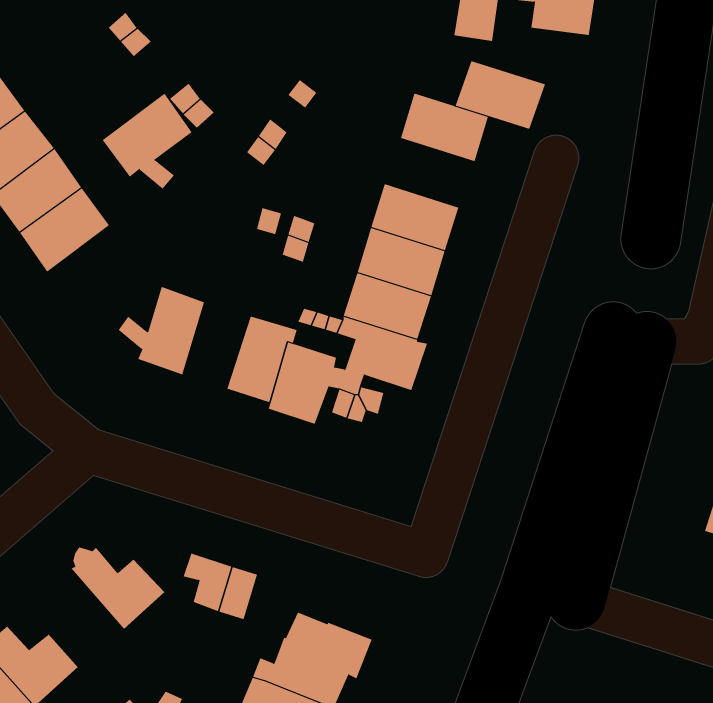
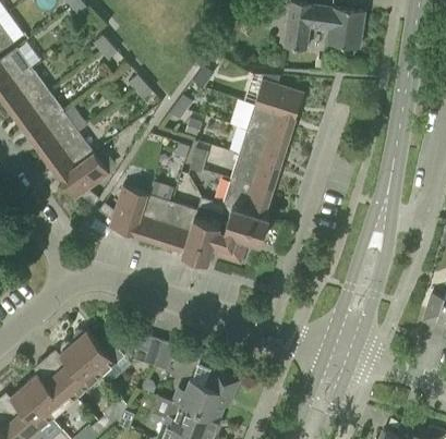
building: [455,60,546,129] -> [246,105,297,143]
building: [102,93,193,189] -> [60,153,110,206]
building: none -> [135,195,172,243]
building: none -> [60,342,103,397]

